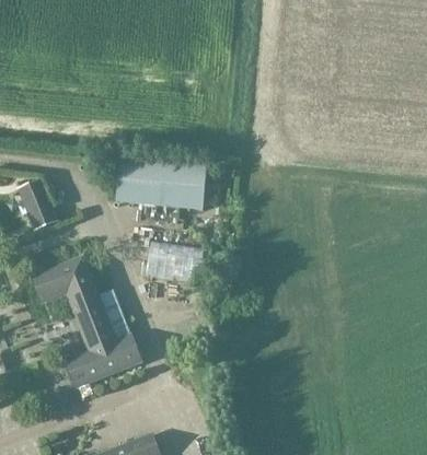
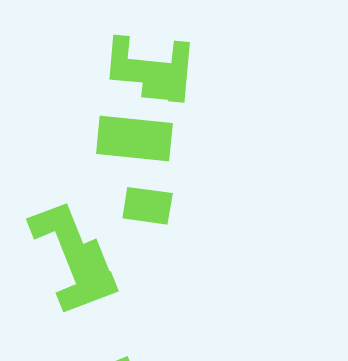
building: none -> [109,34,190,103]
building: [20,179,57,231] -> none

